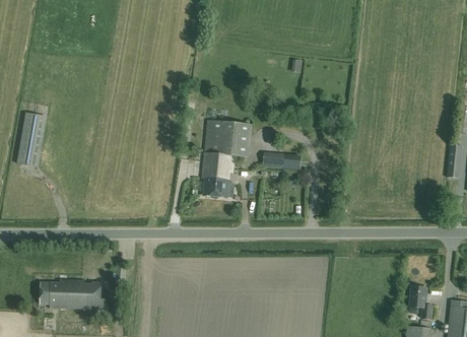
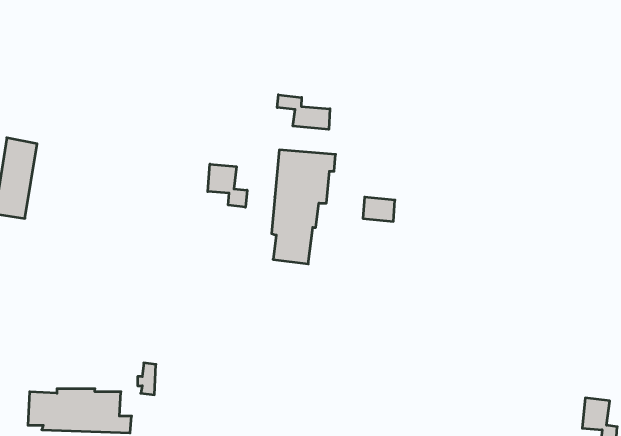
building: none -> [277,95,330,129]
building: none -> [208,164,247,207]

